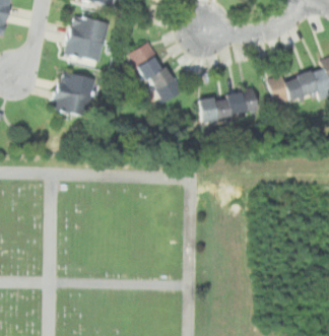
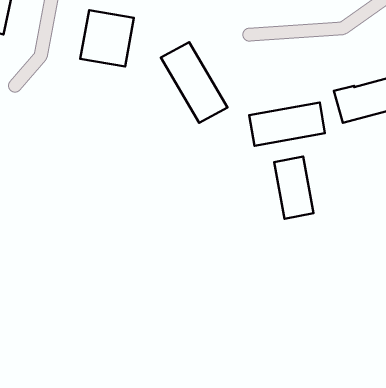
building: [54,71,94,115] -> none
building: none -> [274,157,314,219]

